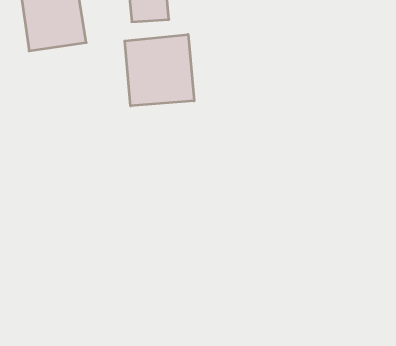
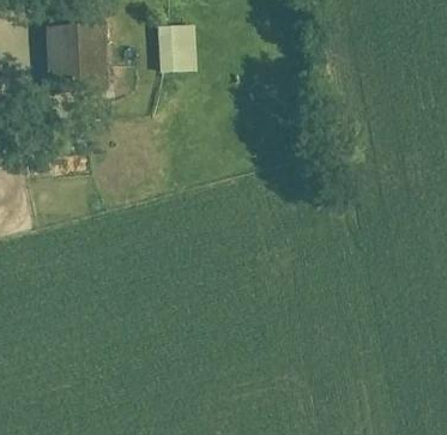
building: [125,34,194,106] -> none

